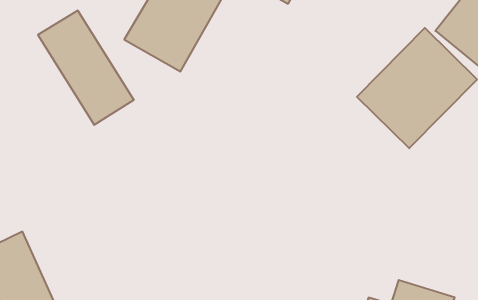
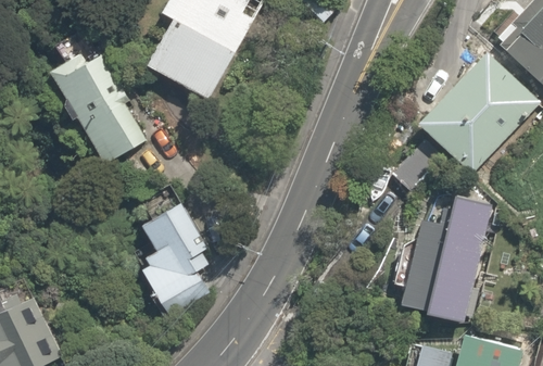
building: none -> [137,198,219,300]
building: none -> [395,199,488,328]

